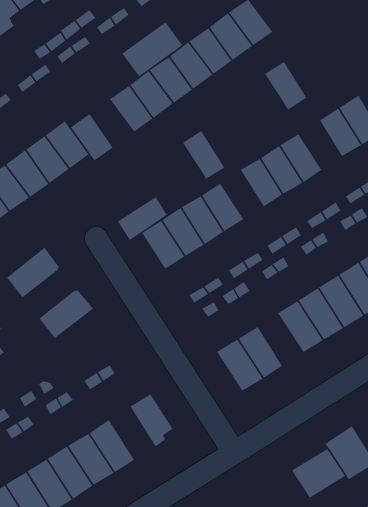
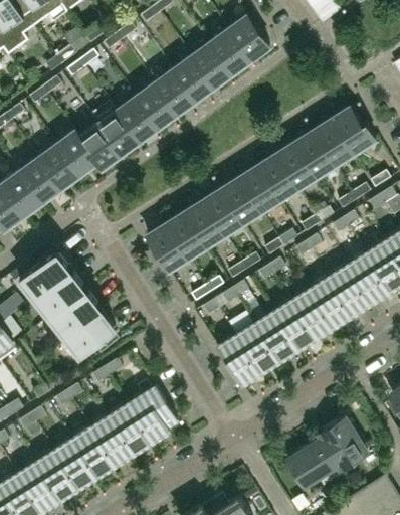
building: [121,21,183,77] -> none
building: [264,61,307,110] -> [293,130,334,176]
building: none -> [97,110,139,155]
building: [182,130,225,179] -> [220,176,260,222]
building: [117,196,168,241] -> none
building: none -> [34,270,84,316]
building: none -> [64,308,117,355]
building: none -> [255,311,297,360]
building: none -> [116,398,159,449]

